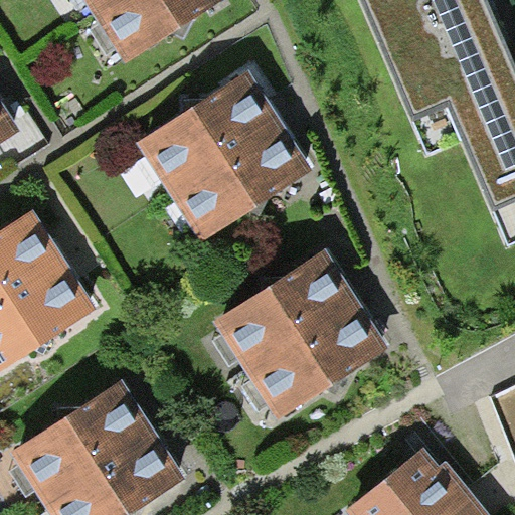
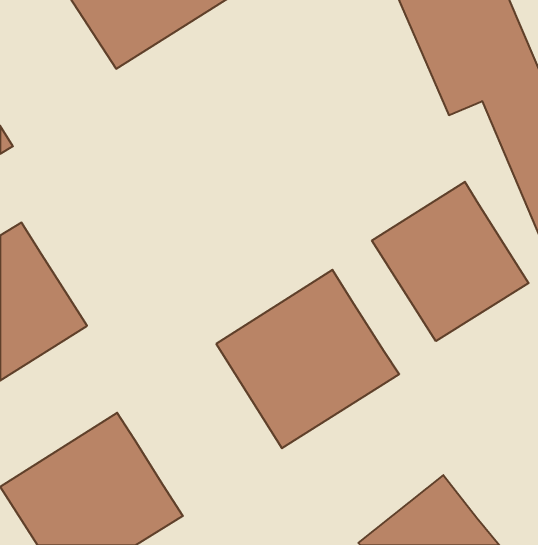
building: [139,73,309,239] -> none
building: none -> [372,182,529,341]

